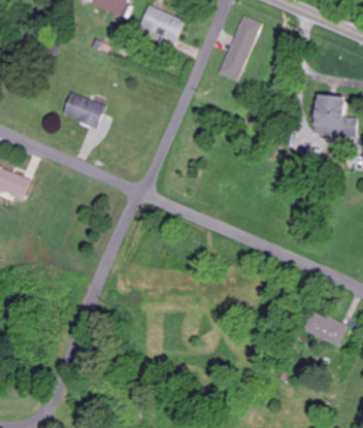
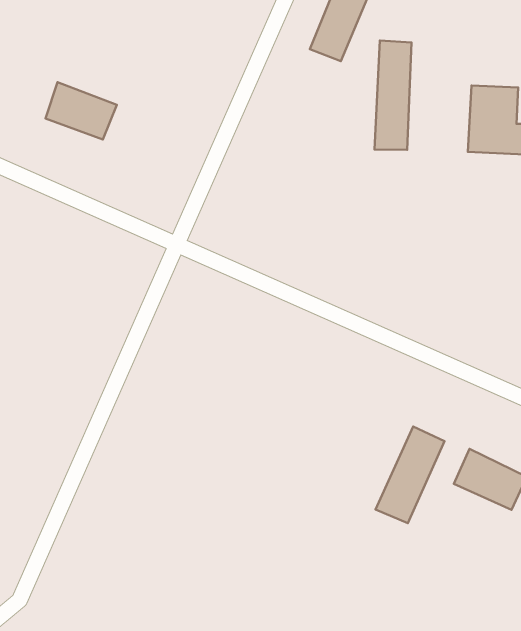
building: none -> [374,40,412,150]
building: none -> [375,426,444,523]

